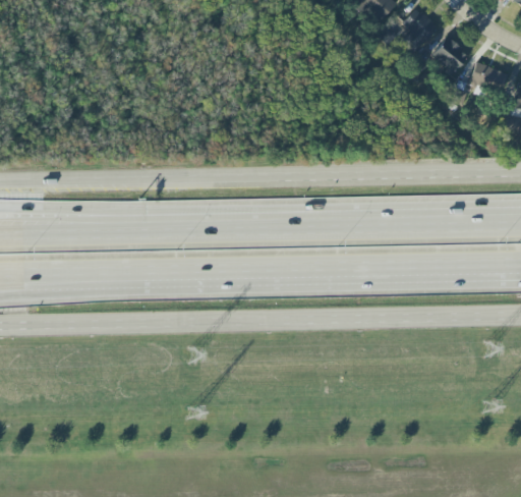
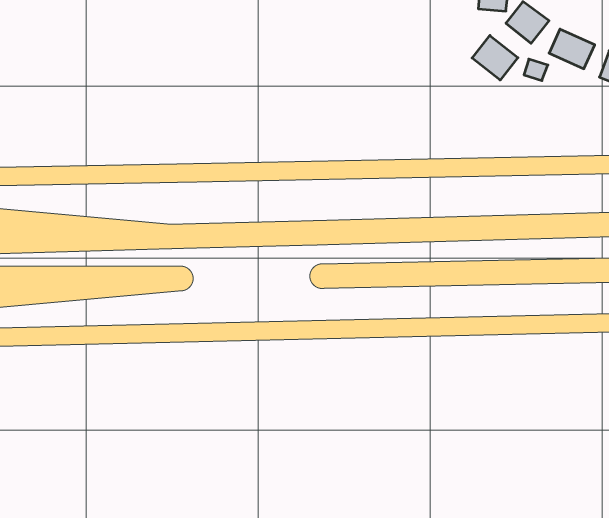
building: none -> [472,35,518,80]

